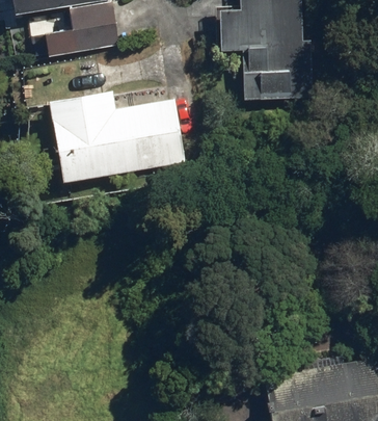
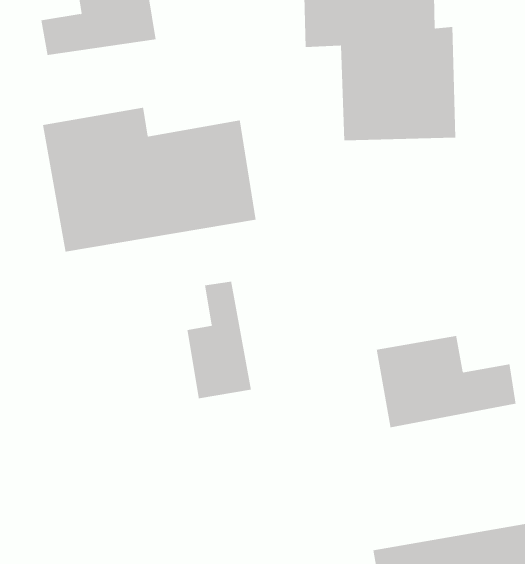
building: none -> [187,281,251,399]
building: none -> [376,335,516,428]

